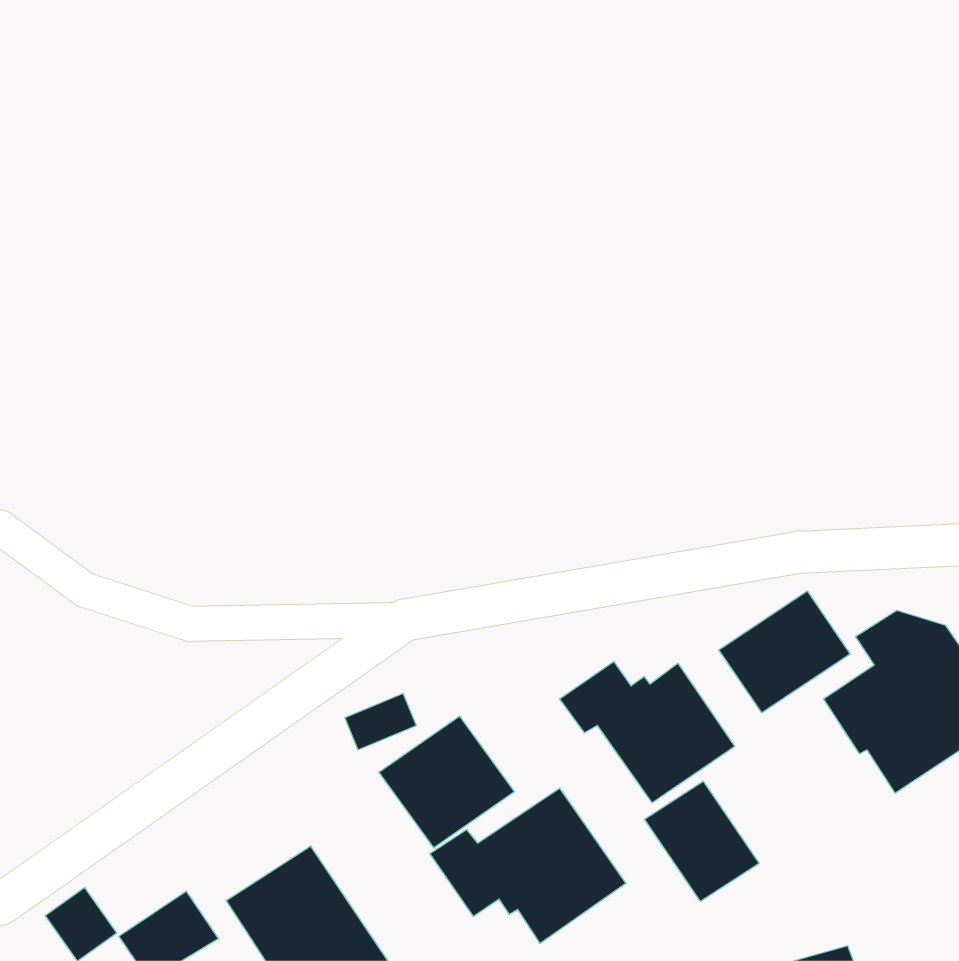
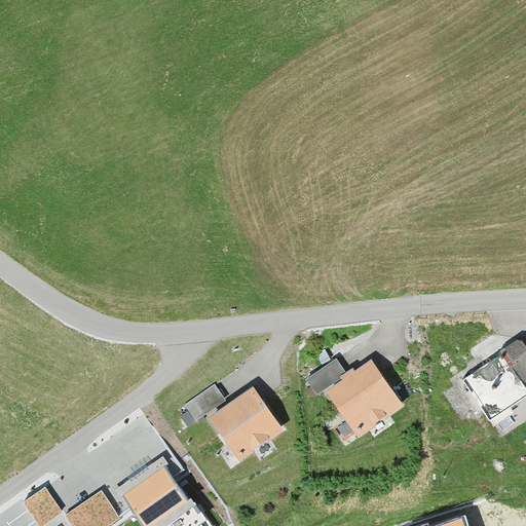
building: [719,591,850,713] -> none
building: [644,781,759,901] -> none
building: [430,788,626,943] -> none

